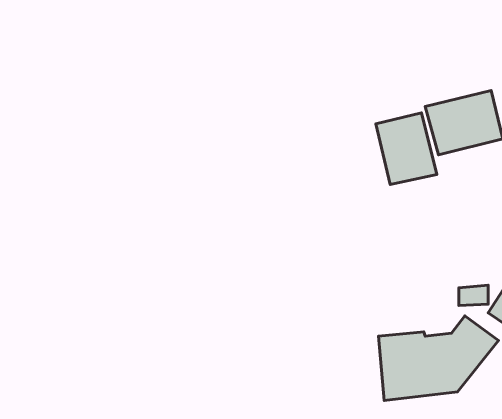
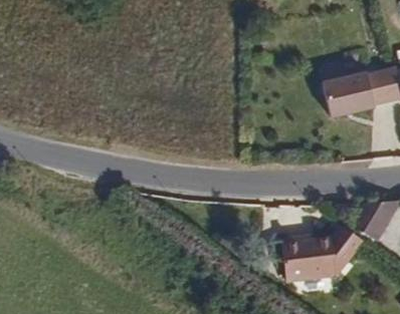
building: [376,113,437,184] -> none

